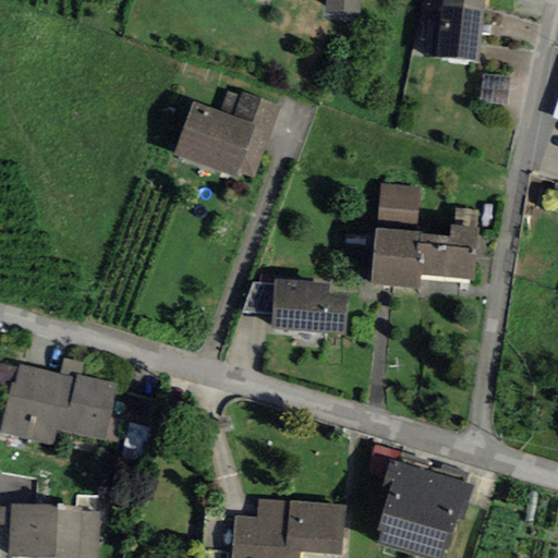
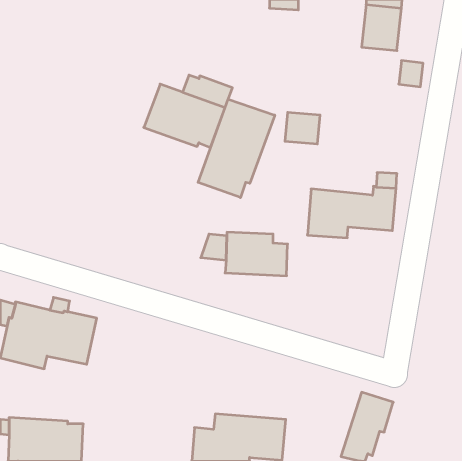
building: none -> [198,99,275,198]
building: [377,184,420,222] -> [285,112,320,144]
building: [380,461,436,550] -> none

